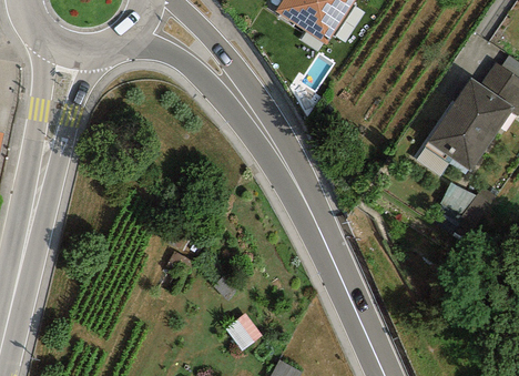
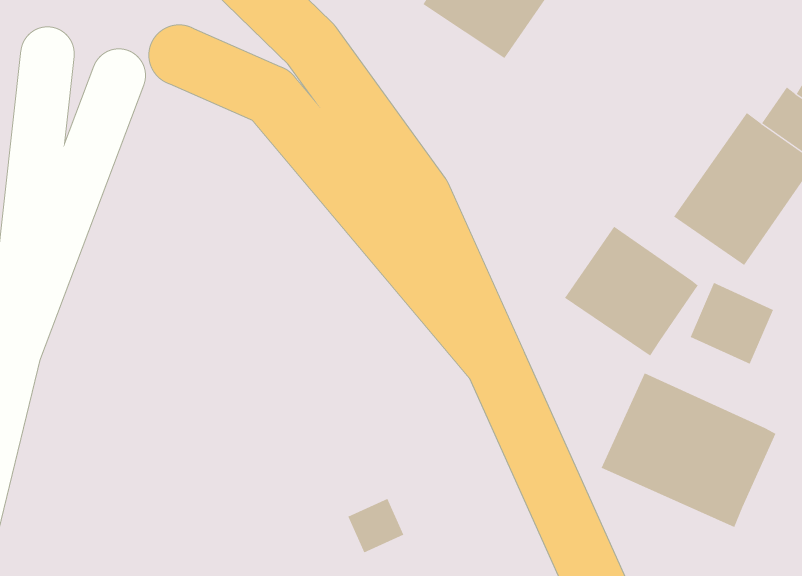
building: none -> [564,226,698,357]
building: none -> [601,373,776,528]

